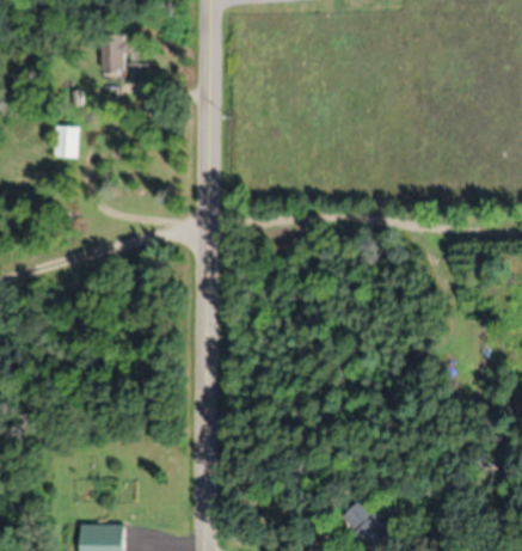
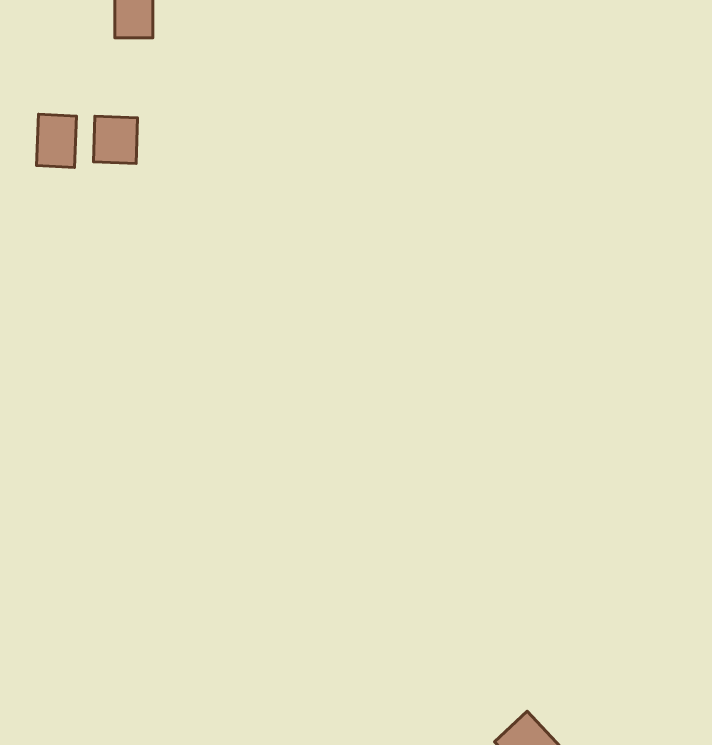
building: none -> [94,116,137,164]

